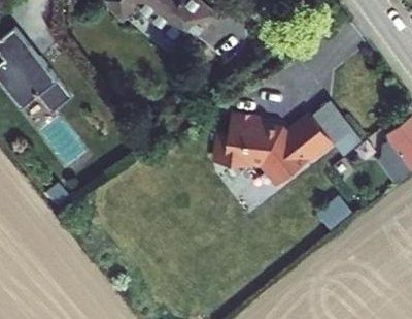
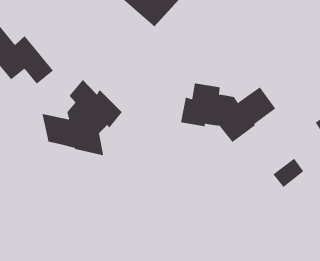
building: [315,96,367,162] -> none
building: none -> [42,79,123,156]

